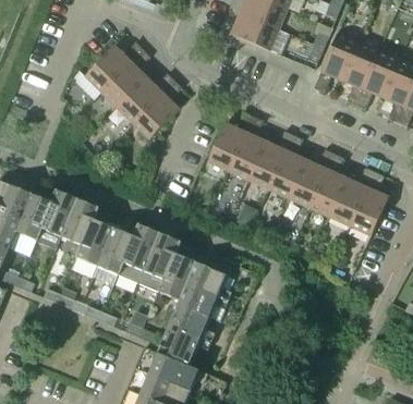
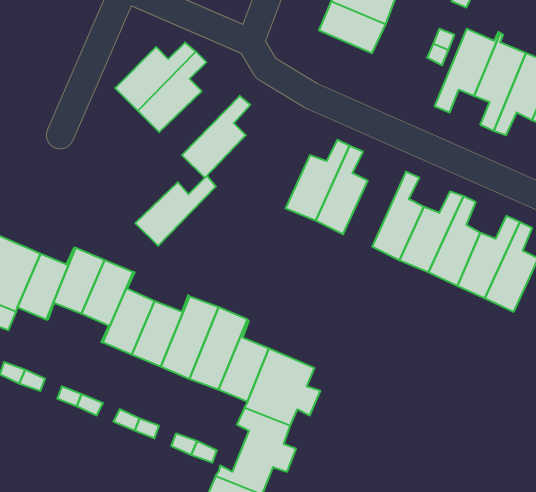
building: [117,73,174,123] -> [135,176,216,246]
building: [248,131,293,188] -> none

